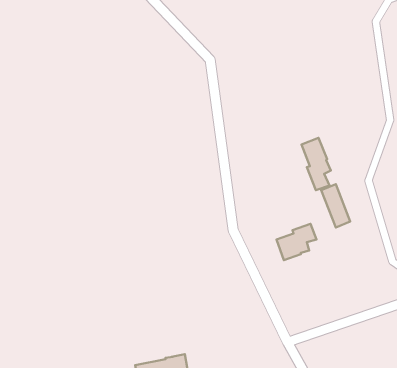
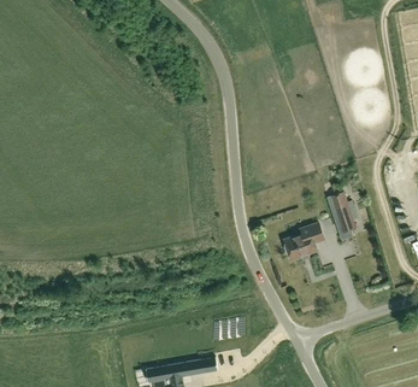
building: [301,138,331,190] -> none

